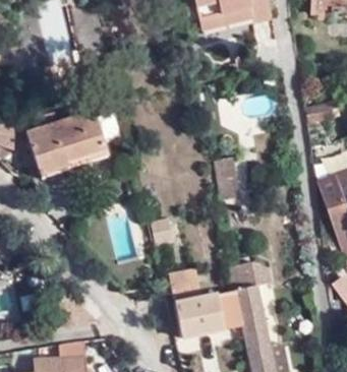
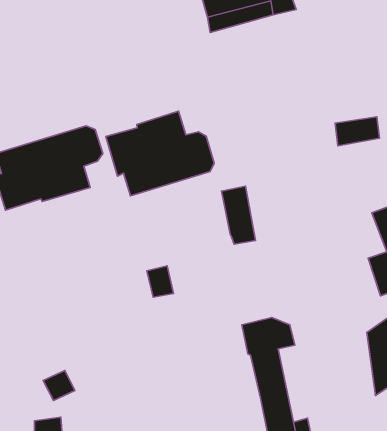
building: none -> [106,111,214,196]
building: [172,281,243,337] -> none

